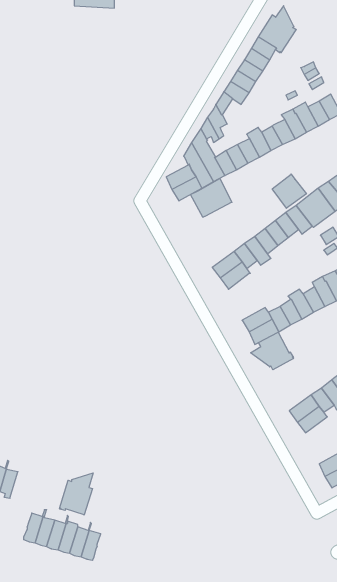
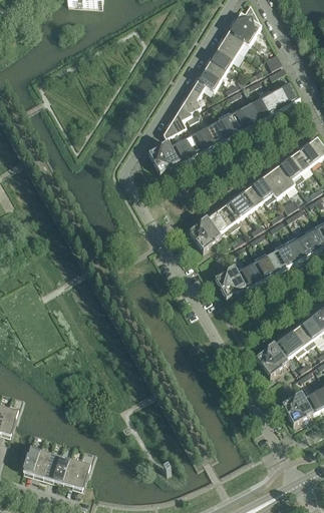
building: [272,174,306,208] -> none
building: [190,179,232,217] -> none
building: [251,332,293,370] -> none
building: [59,473,93,515] -> none

